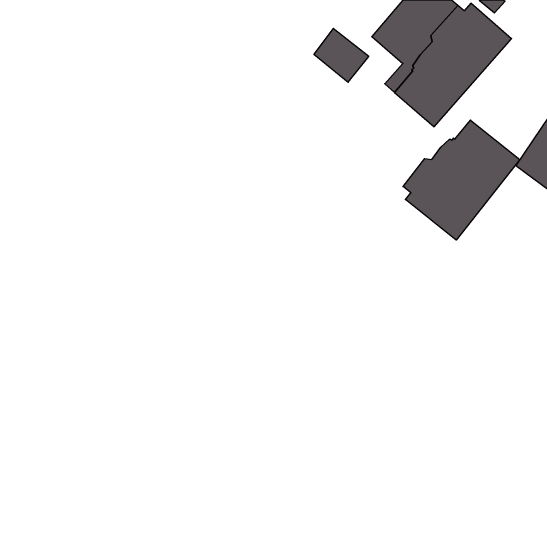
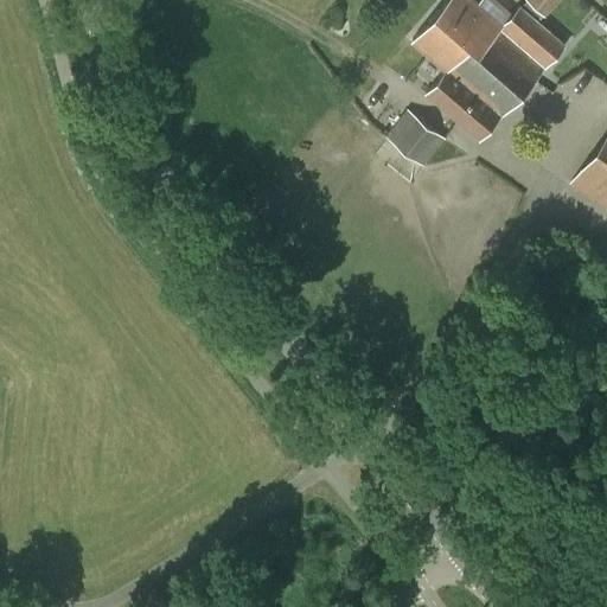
building: [314,28,369,82] -> [388,109,448,168]
building: [403,120,520,240] -> none

